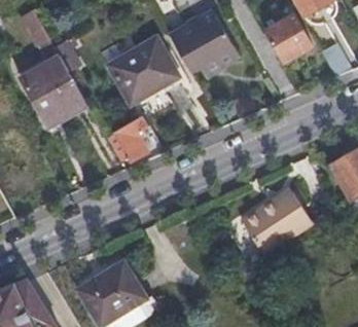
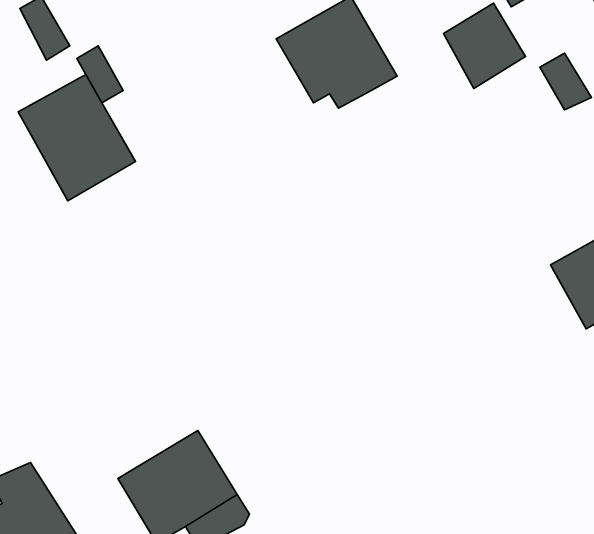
building: [108,37,178,104] -> none
building: [107,115,149,162] -> none
building: [242,193,313,256] -> none

